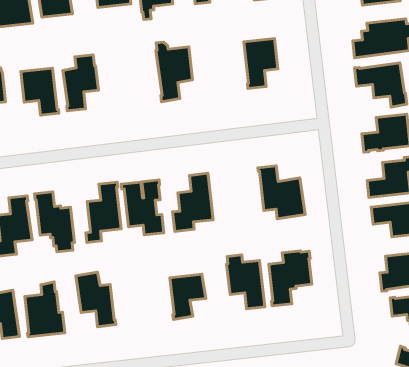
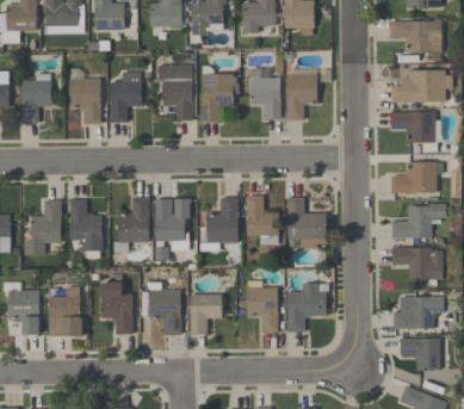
building: none -> [250,68,280,118]
building: none -> [157,64,193,120]
building: none -> [246,194,278,243]
building: none -> [149,289,181,334]

